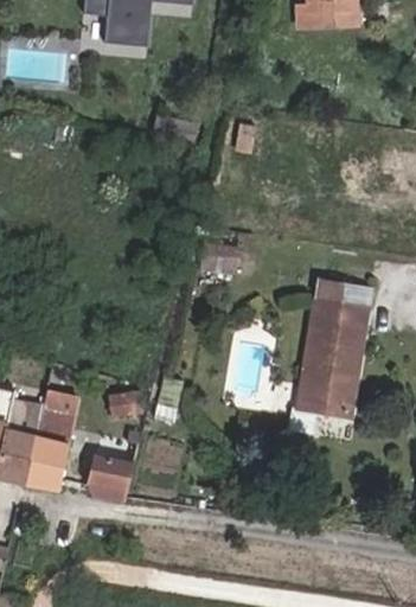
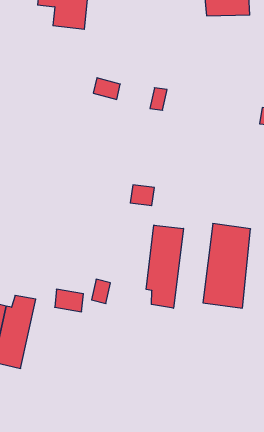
building: [313,276,364,308] -> none
building: none -> [146,225,183,308]
building: [92,437,135,501] -> none

